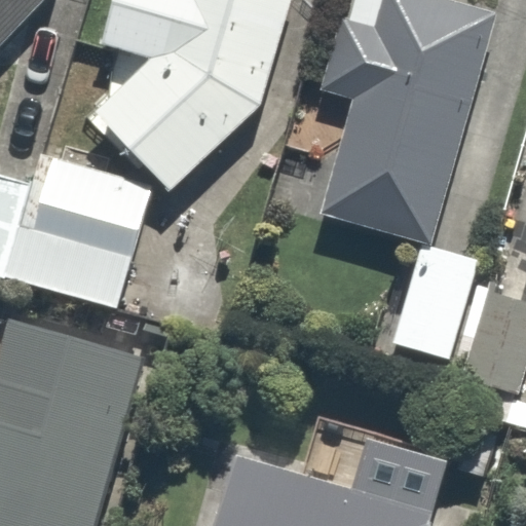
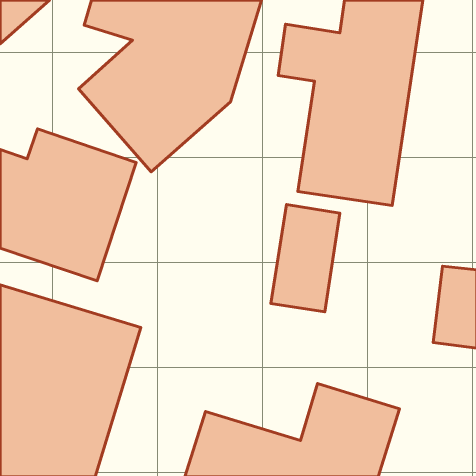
building: [398,241,474,360] -> [271,205,340,312]

